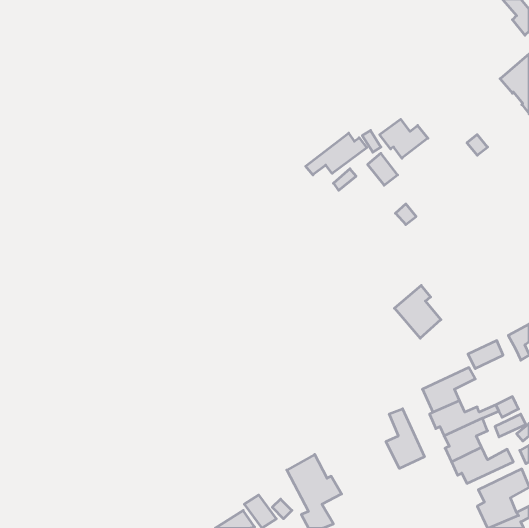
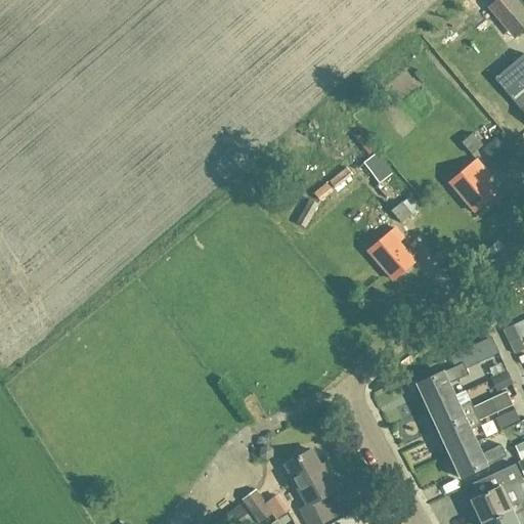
building: [380,119,428,158] -> none
building: [306,133,367,175] -> none
building: none -> [449,160,496,212]
building: [394,285,441,338] -> [367,226,413,278]
building: [386,409,424,468] -> none

